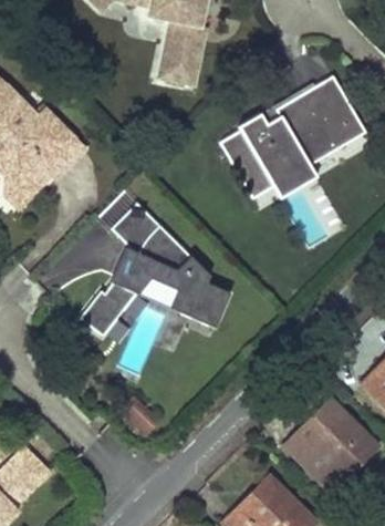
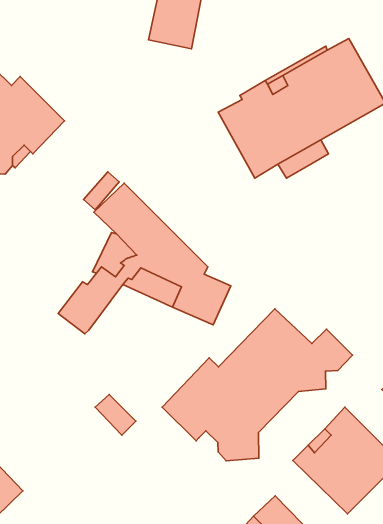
building: none -> [162,309,352,461]

